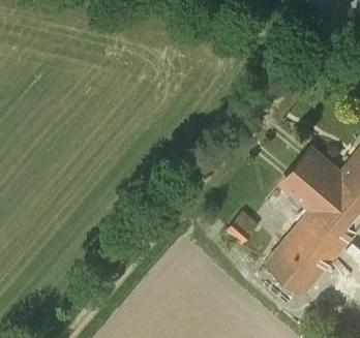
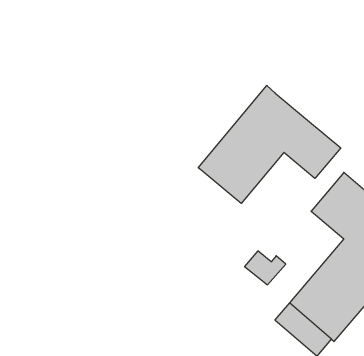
building: none -> [198,85,341,203]

